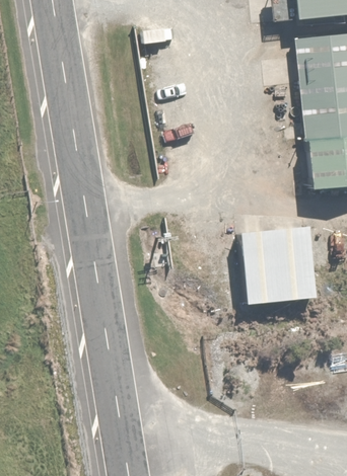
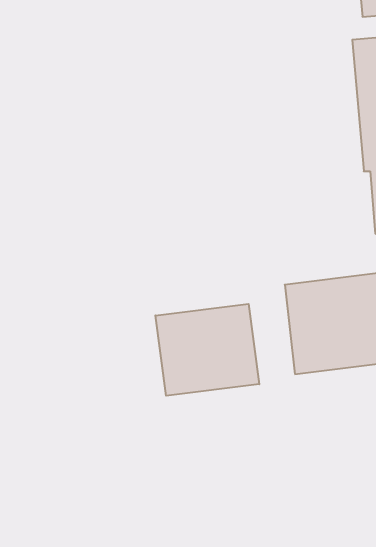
building: none -> [155,304,259,396]

